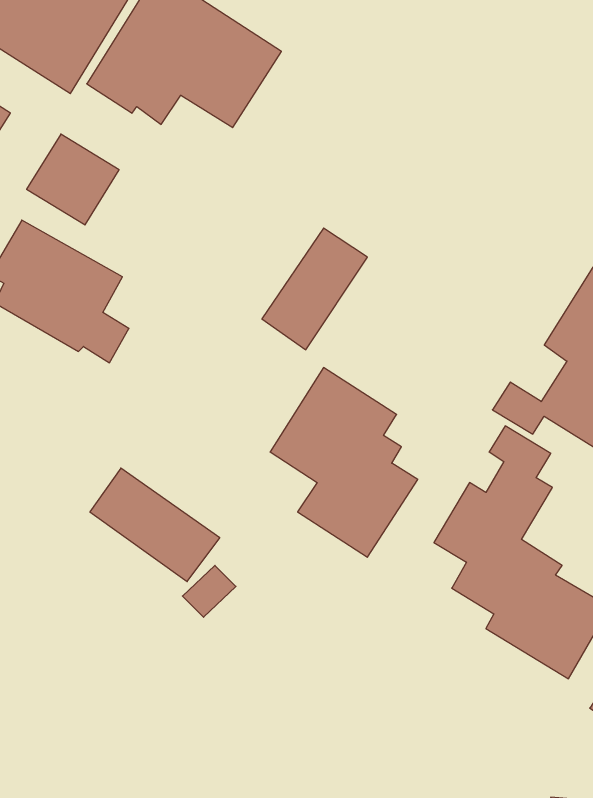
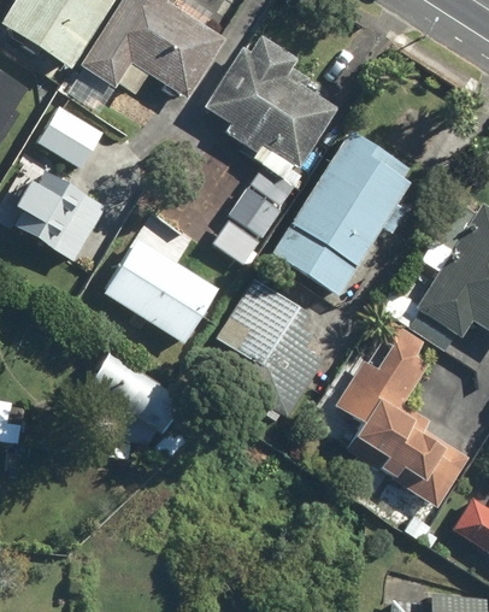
building: none -> [205,35,337,178]
building: none -> [273,131,417,298]
building: none -> [84,237,222,347]

